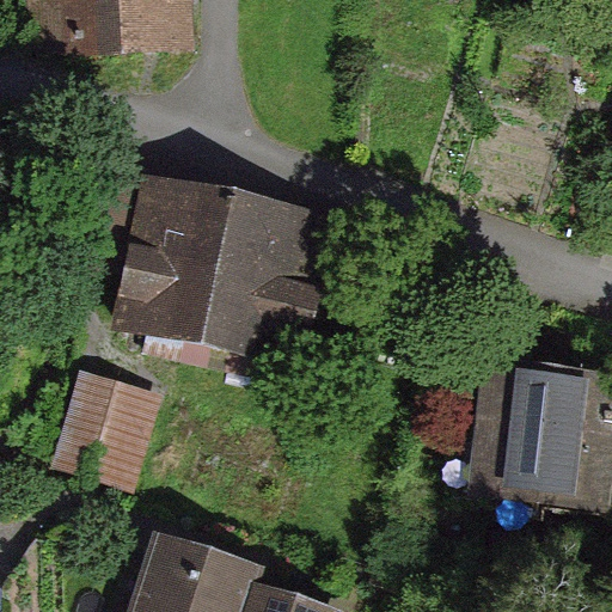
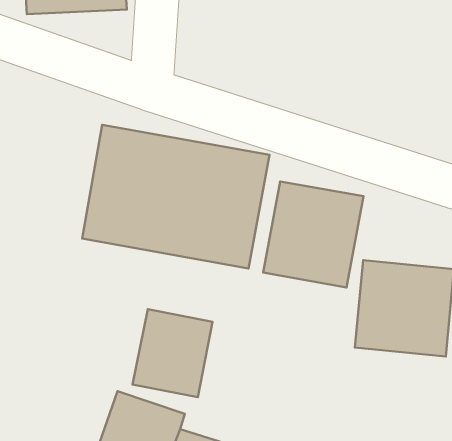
building: none -> [263,181,363,287]
building: [50,371,155,486] -> [133,309,213,397]

